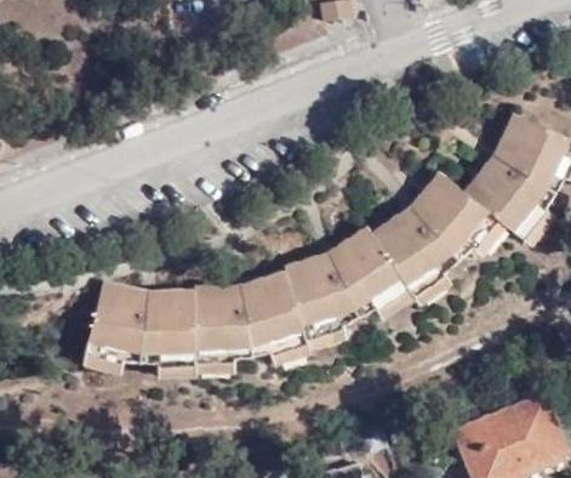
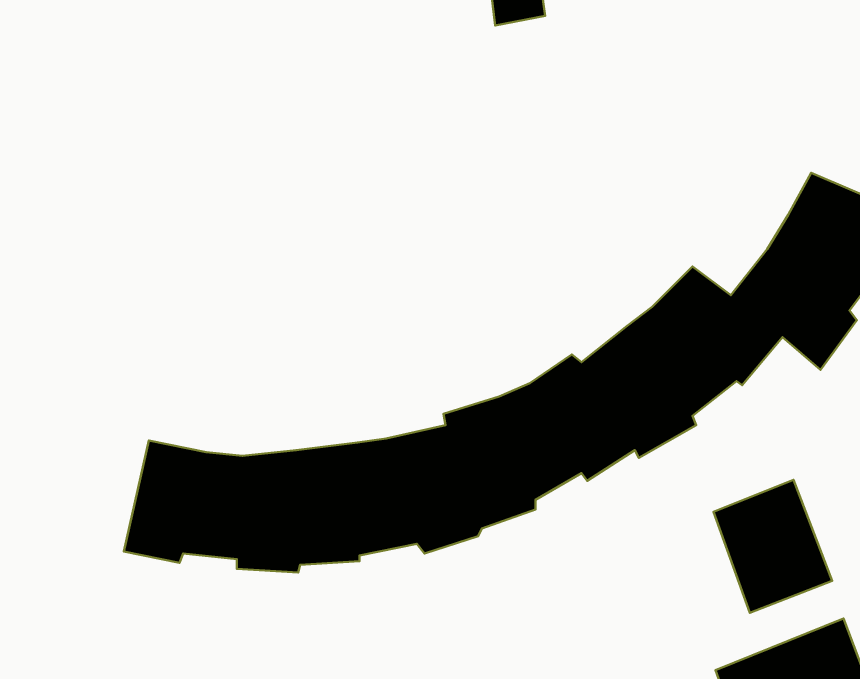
building: none -> [713,480,832,613]

